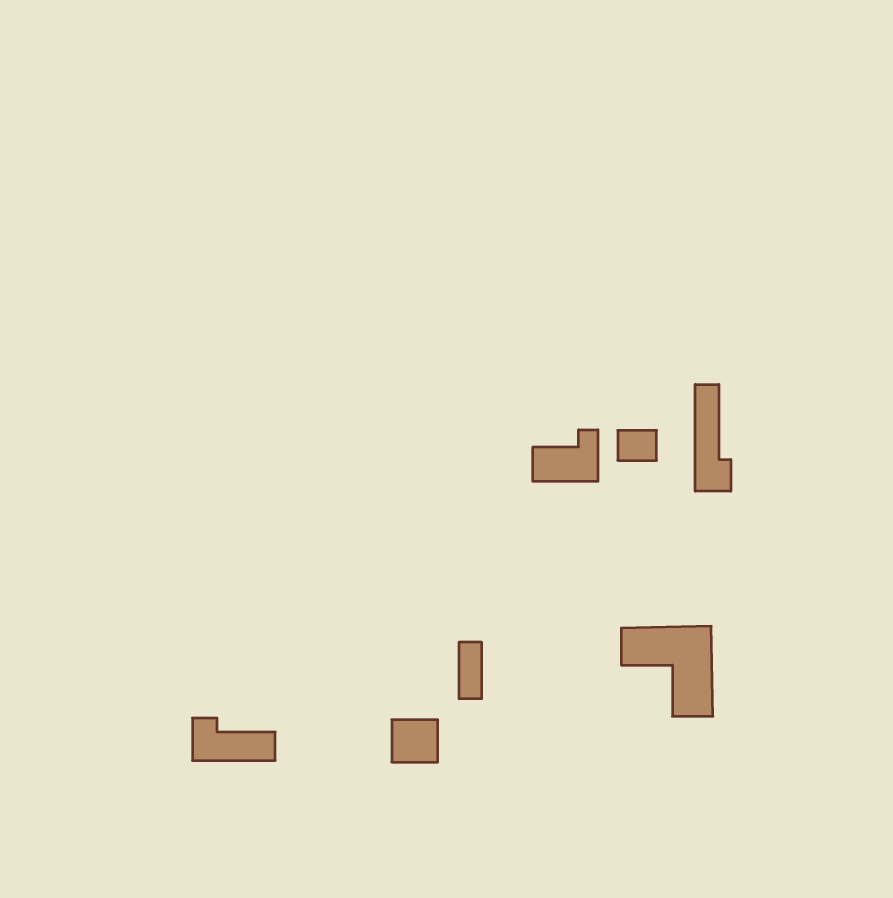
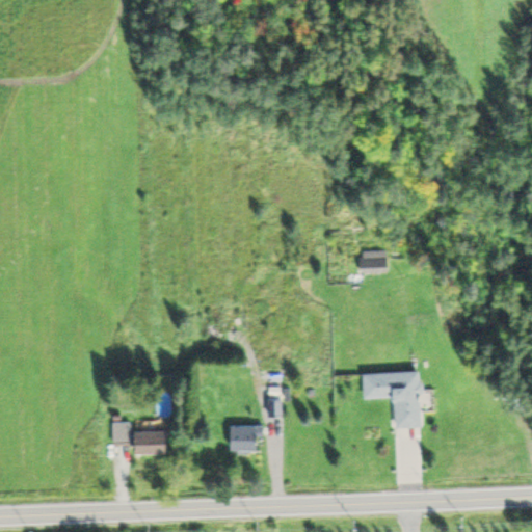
building: [695,384,731,491] -> none
building: [533,430,598,481] -> none

